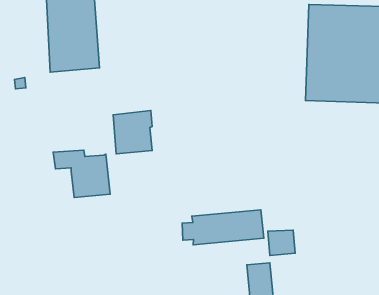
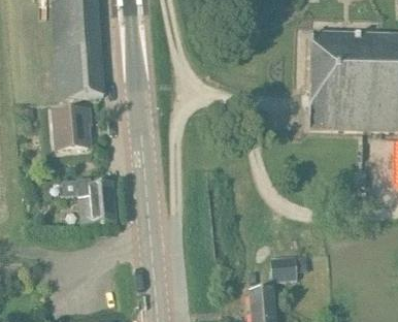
building: [113,111,152,154] -> [52,106,90,149]
building: [182,210,264,245] -> none

